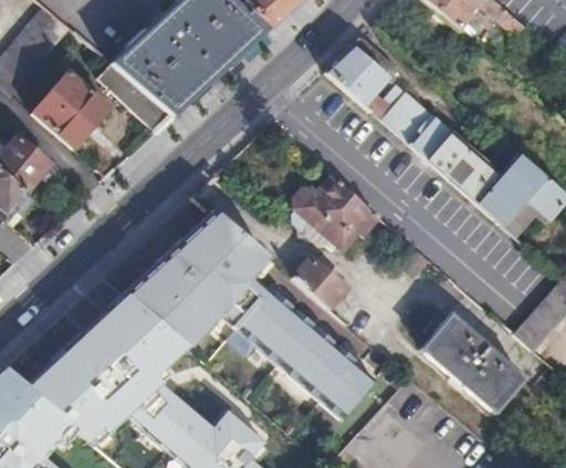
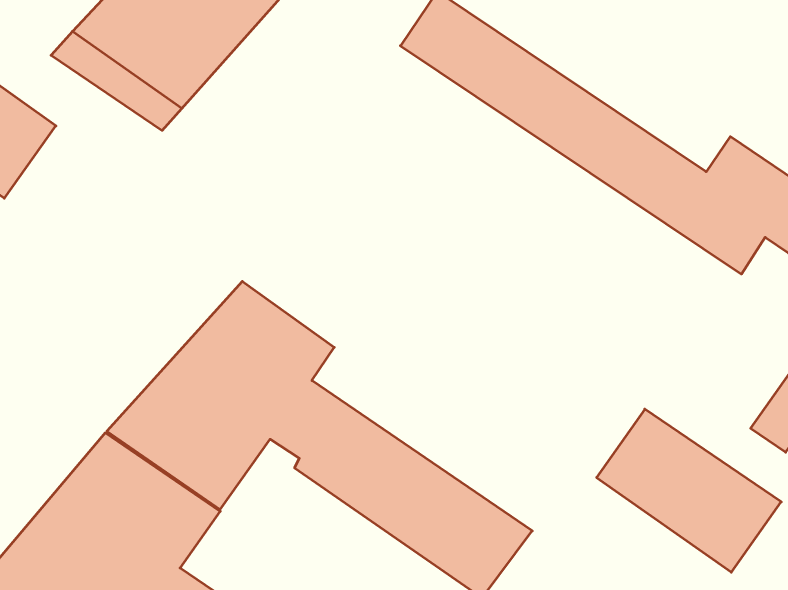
building: [99,63,175,131] -> none
building: [291,169,379,253] -> none
building: [291,254,350,309] -> none

